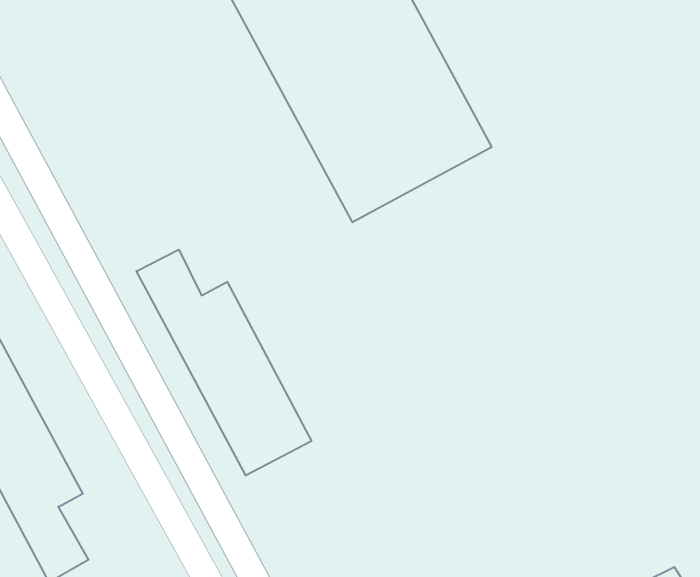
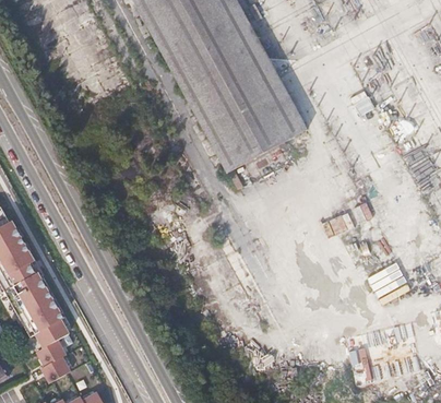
building: [136,250,311,476] -> none

